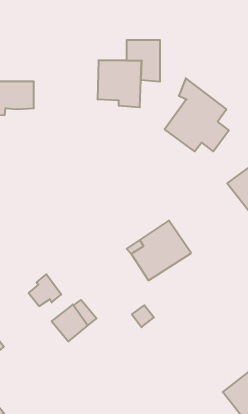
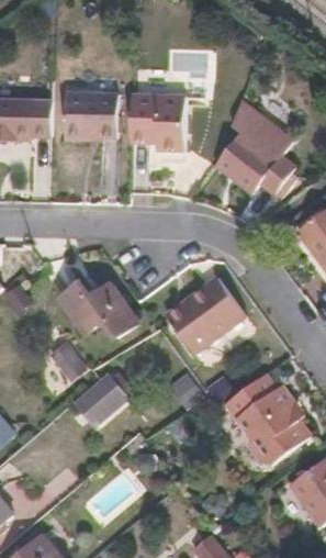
building: none -> [64,92,117,136]
building: none -> [60,283,139,338]
building: none -> [225,371,310,462]

